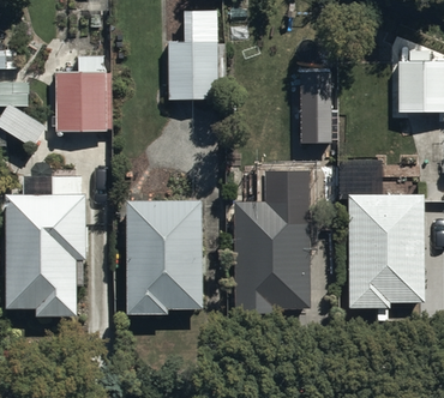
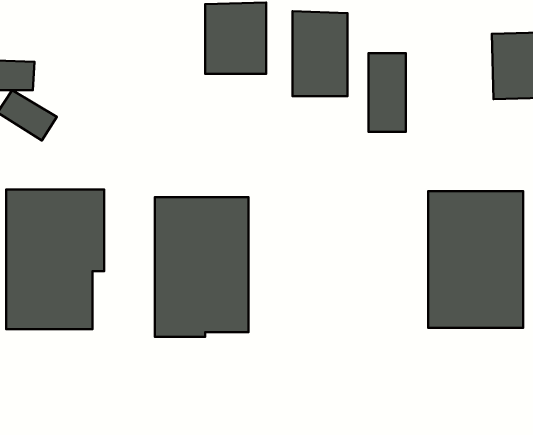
building: none -> [292,11,348,96]
building: [55,55,108,132] -> none
building: [234,199,308,302] -> none

